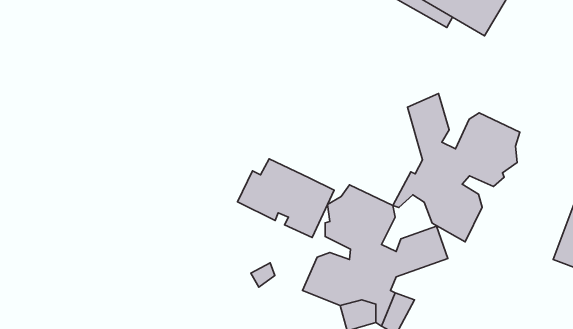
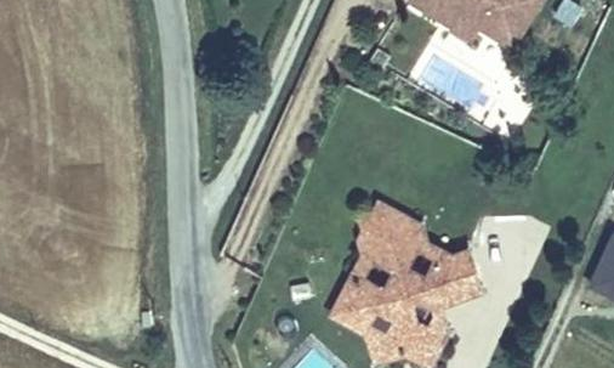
building: [393,94,520,242] -> none
building: [238,159,334,238] -> none

